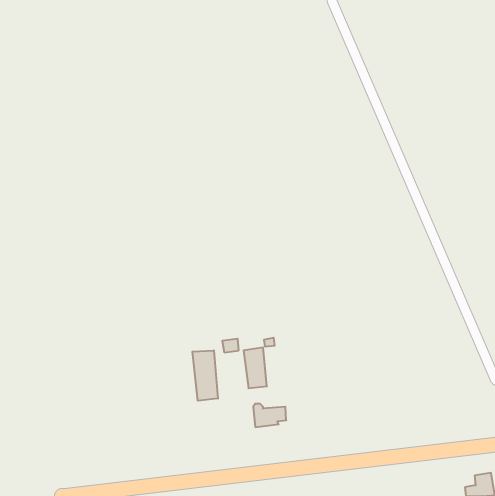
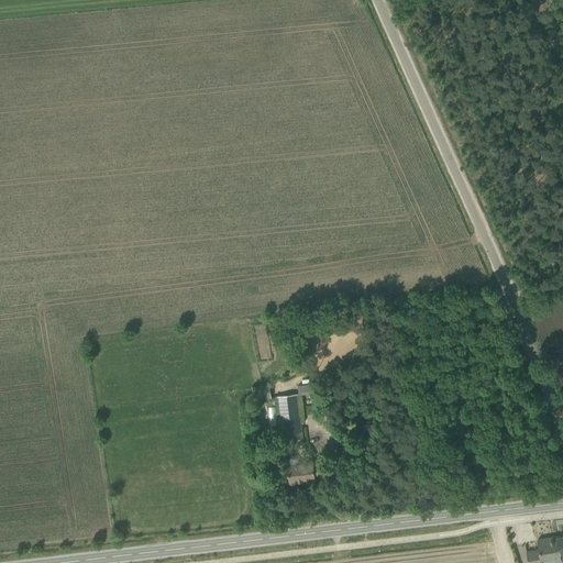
building: [192,350,218,401] -> none

